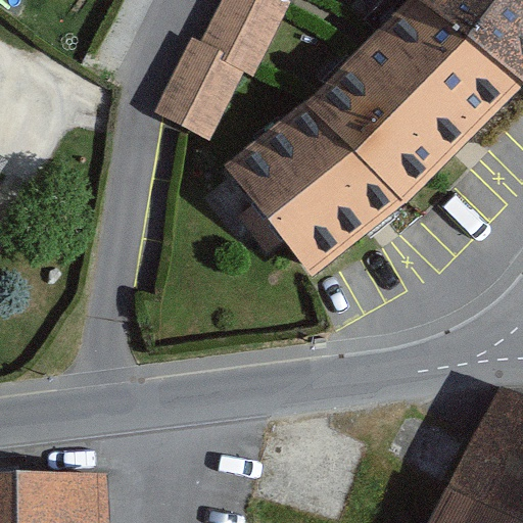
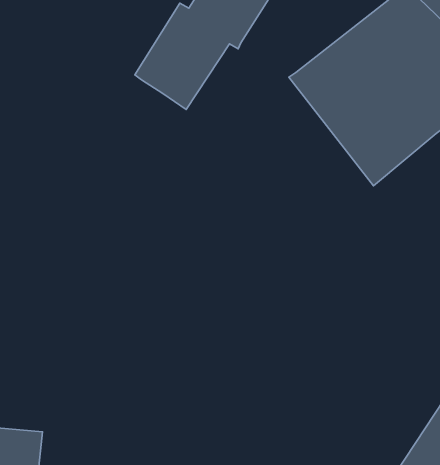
building: [225,99,402,272] -> none

